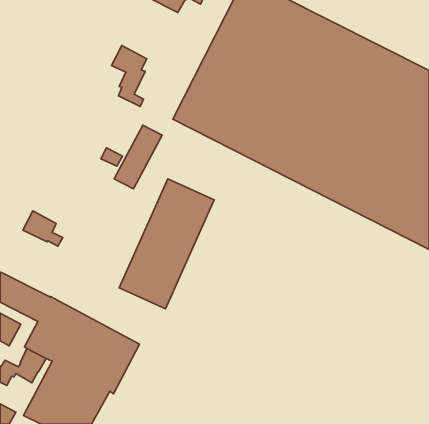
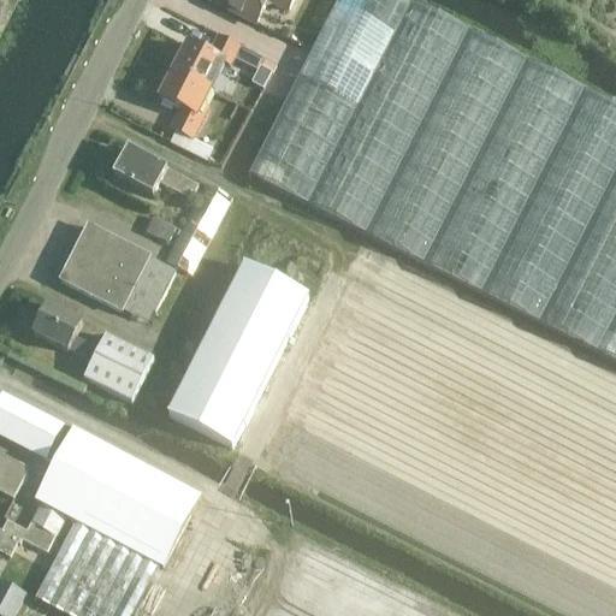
building: none -> [174,30,262,84]
building: none -> [114,144,197,195]
building: none -> [60,221,174,319]
building: none -> [83,331,153,397]

